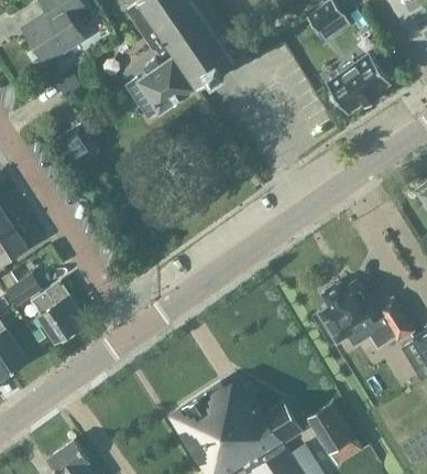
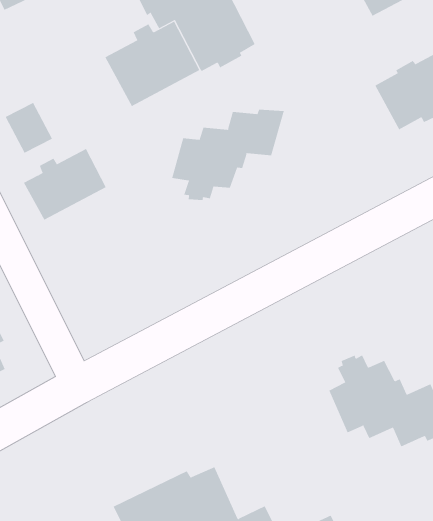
building: none -> [171,109,285,201]
building: none -> [23,148,106,220]

